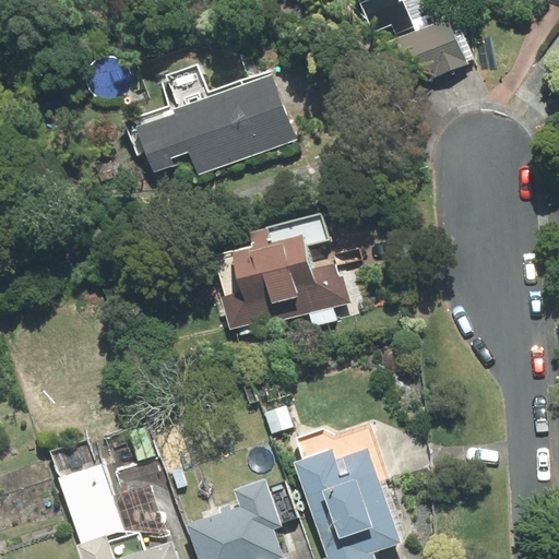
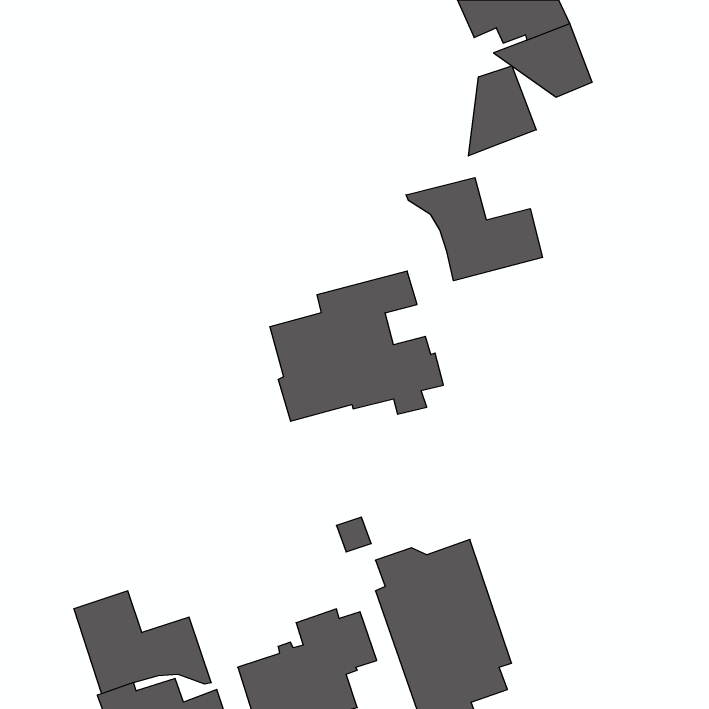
building: none -> [468,66,536,156]
building: [126,64,297,177] -> none
building: none -> [406,178,543,281]

